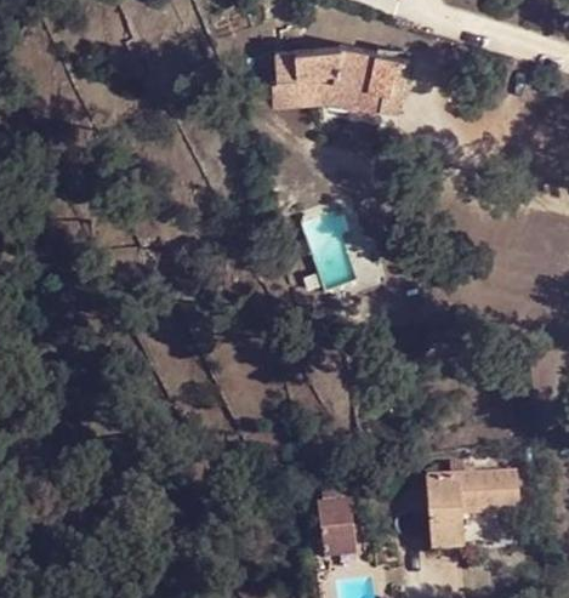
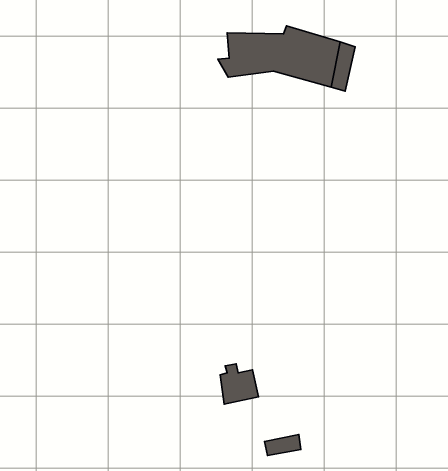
building: [426,473,519,554] -> none
building: [314,492,360,541] -> [220,364,258,404]

